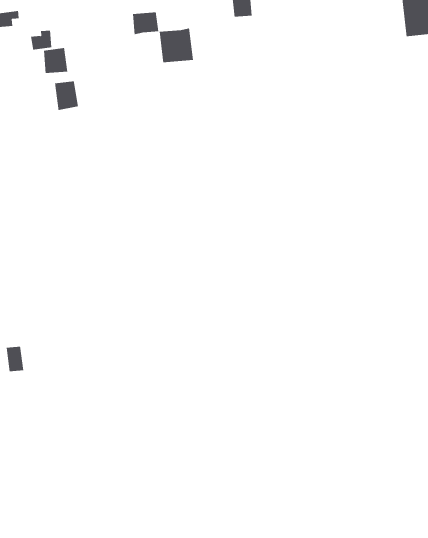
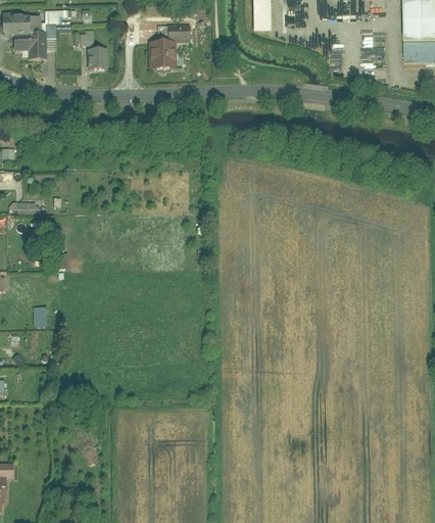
building: [159,28,194,63] -> [148,40,177,68]
building: [55,80,79,111] -> none

